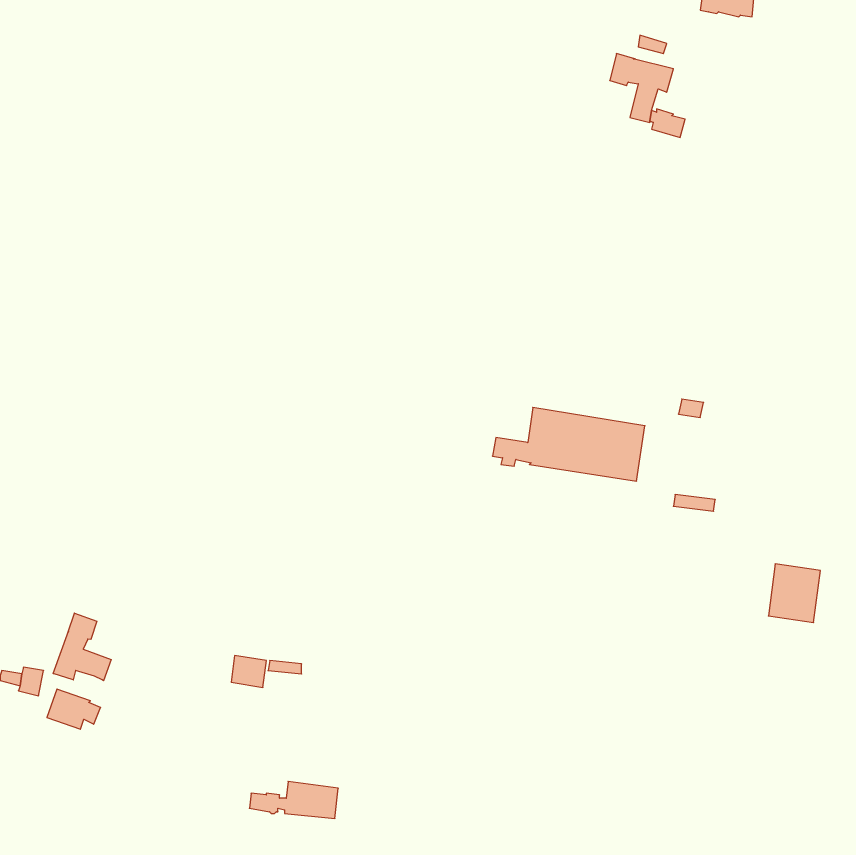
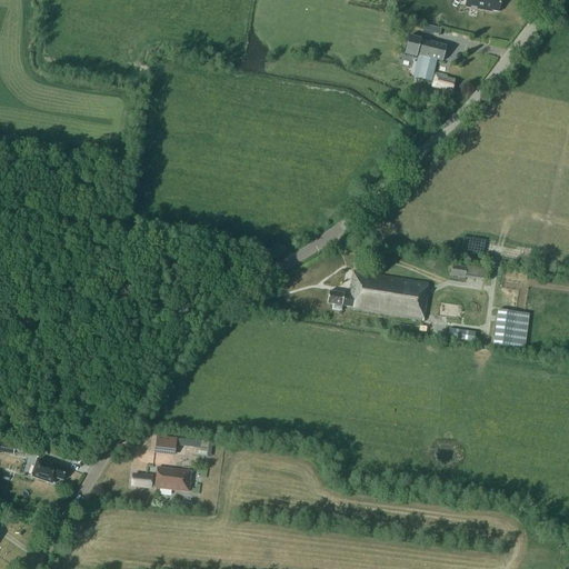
building: [768,564,820,623] -> [493,308,528,347]
building: [53,613,111,681] -> none
building: [249,781,338,818] -> [131,467,190,491]

